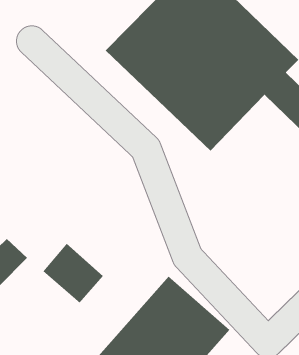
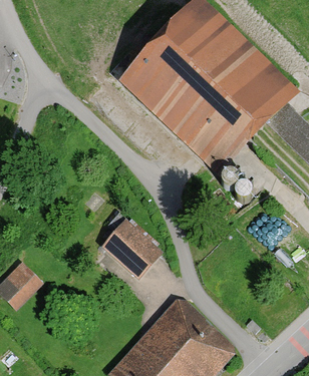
building: [42,243,104,303] -> [103,218,163,276]

